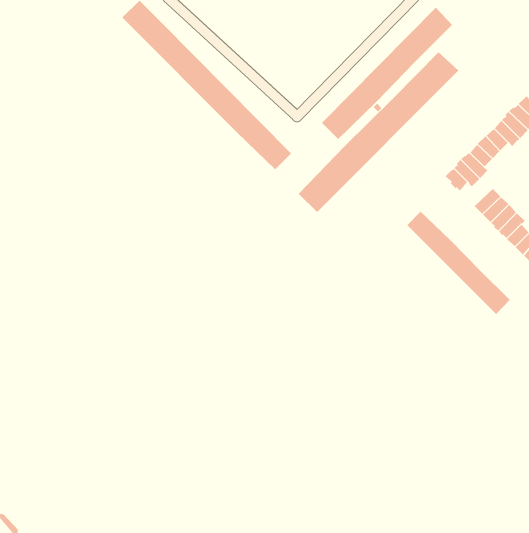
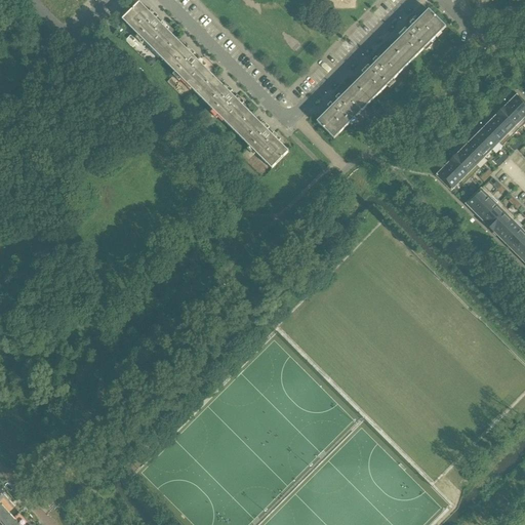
building: [298,52,459,213] -> none
building: [407,211,510,315] -> none

